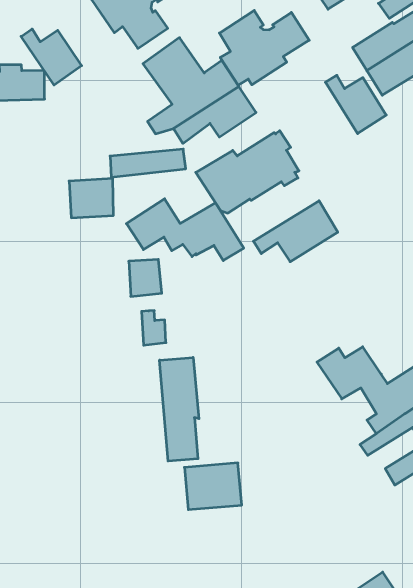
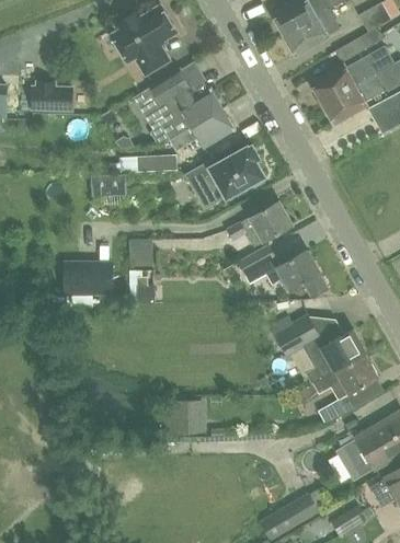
building: [219,10,309,85] -> none
building: [21,29,82,85] -> none
building: [325,75,386,134] -> none
building: [126,199,244,261] -> [238,244,328,294]
building: none -> [66,263,112,292]
building: [160,357,199,461] -> none

